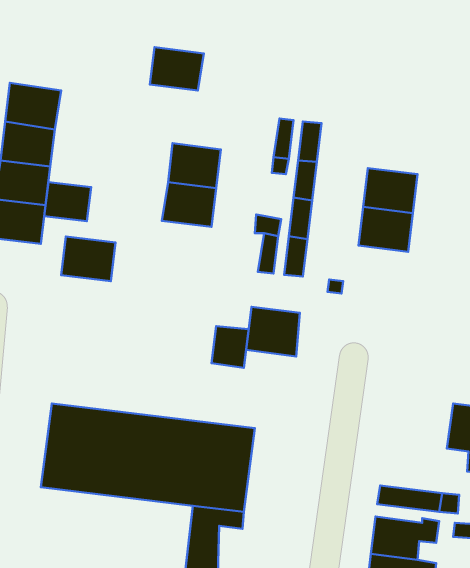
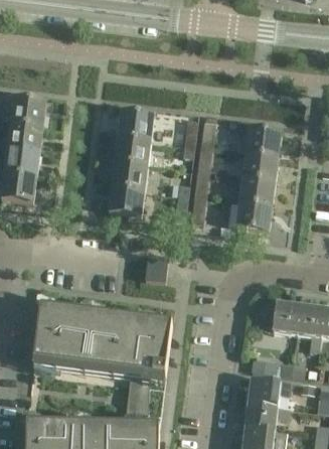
building: [150,47,204,91] -> [119,112,154,140]
building: none -> [245,127,281,156]
building: [44,182,91,221] -> none
building: [61,236,115,281] -> [109,186,144,215]
building: none -> [236,202,272,232]
building: [246,307,300,356] -> none
building: none -> [261,302,301,334]

